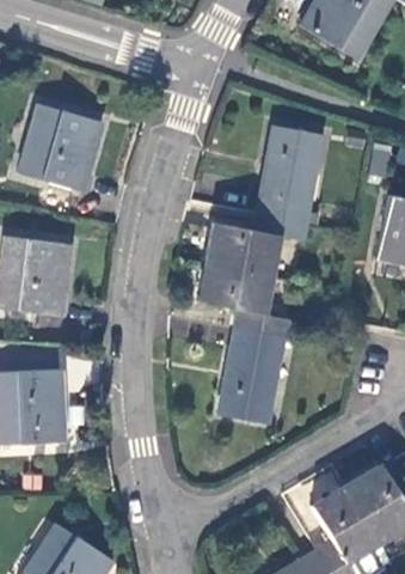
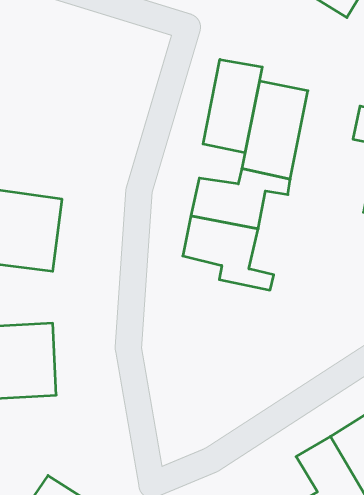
building: none -> [203,59,262,153]
building: [20,103,105,191] -> none
building: [215,325,283,425] -> none

